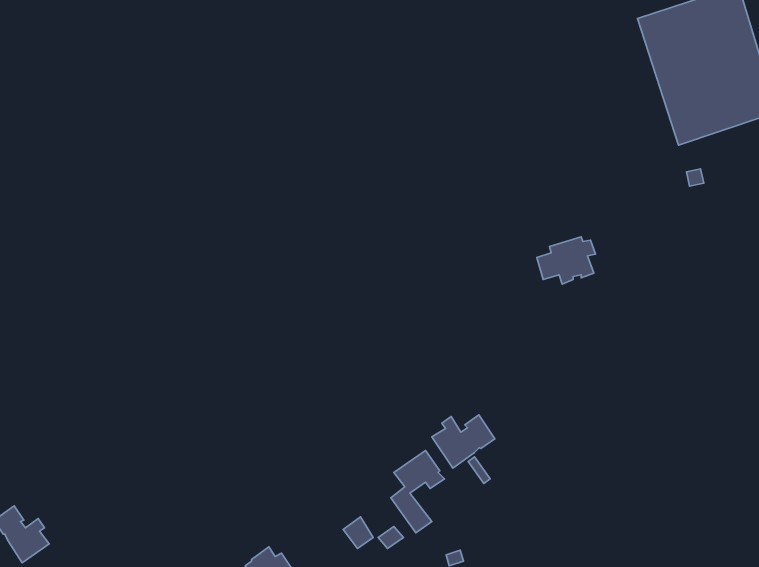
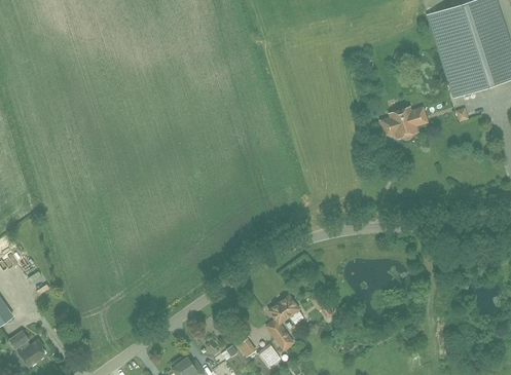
building: [537,237,595,284] -> [380,107,418,138]
building: [432,415,495,468] -> none

